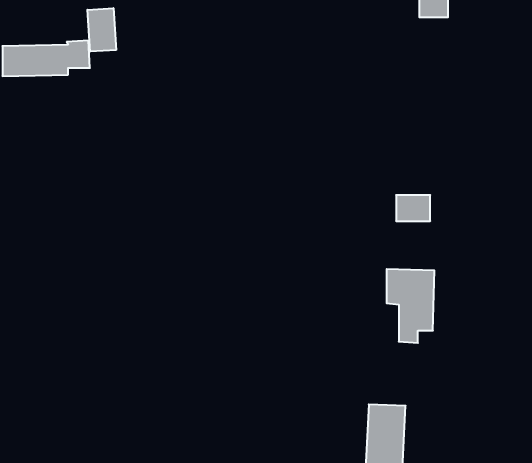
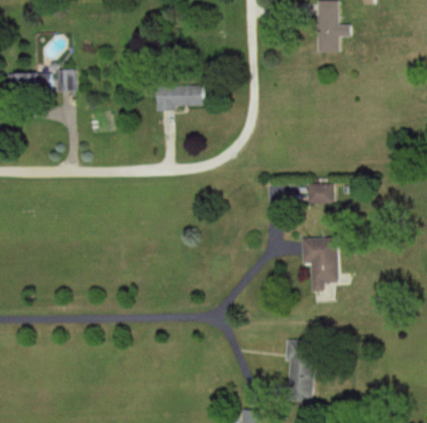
building: [87,8,116,52] -> none
building: none -> [161,84,209,107]

